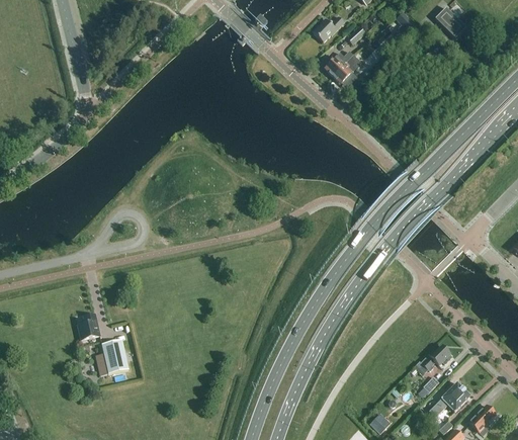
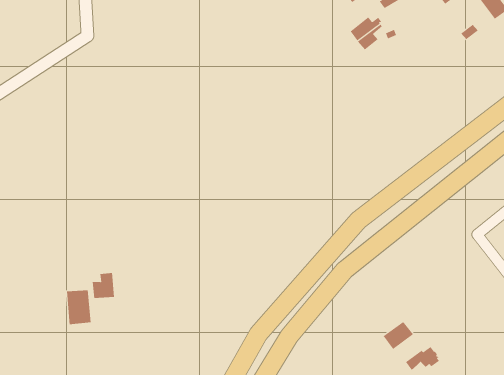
building: [77,314,100,340] -> [92,272,115,298]
building: none -> [383,321,414,350]

